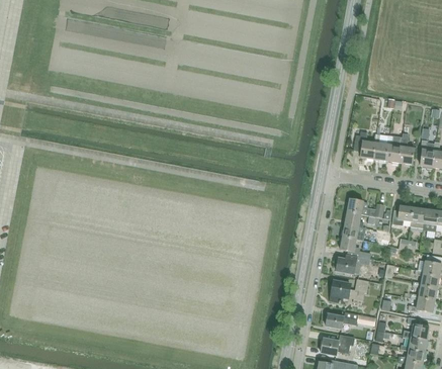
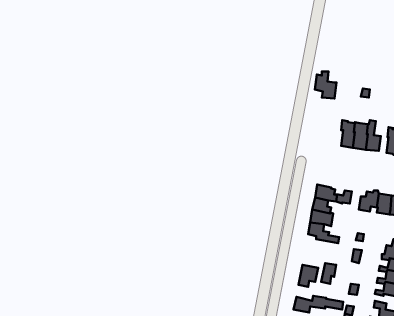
building: [353,132,375,160] -> [315,72,337,98]
building: [335,255,370,275] -> none

